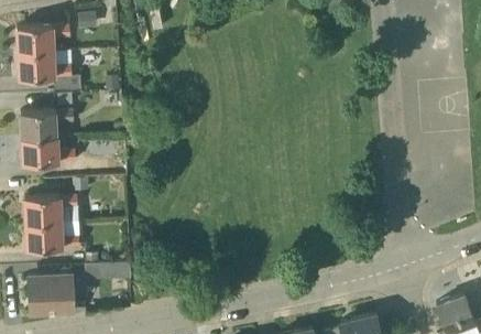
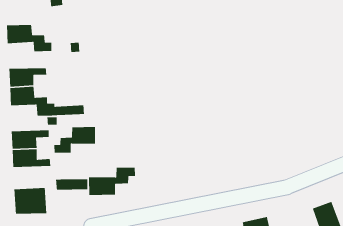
building: [17,25,69,53] -> none
building: none -> [53,126,96,153]
building: none -> [88,167,136,196]

